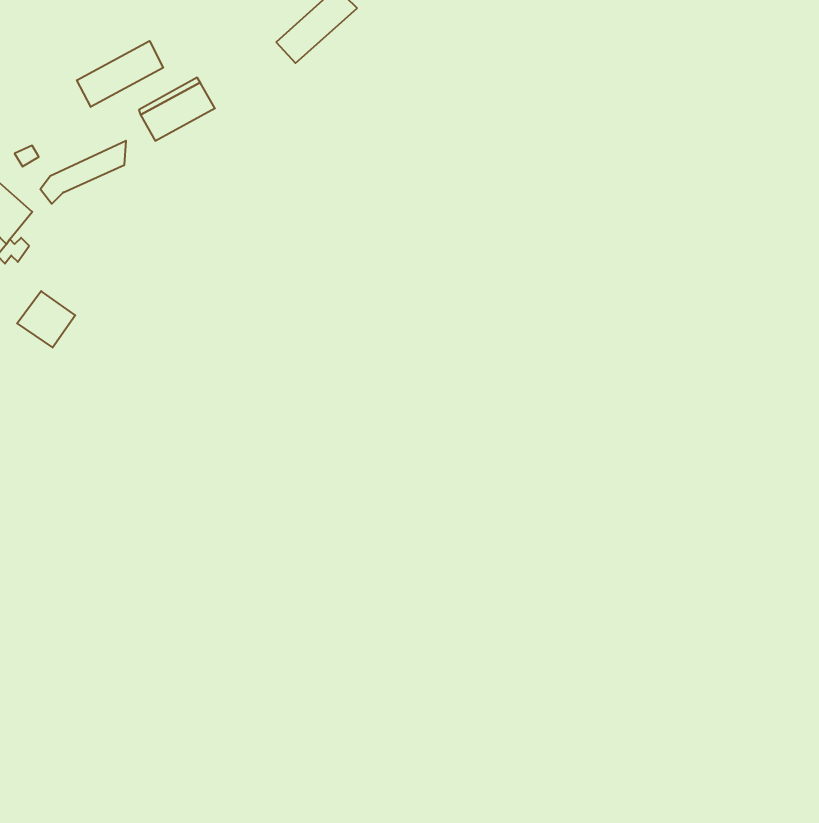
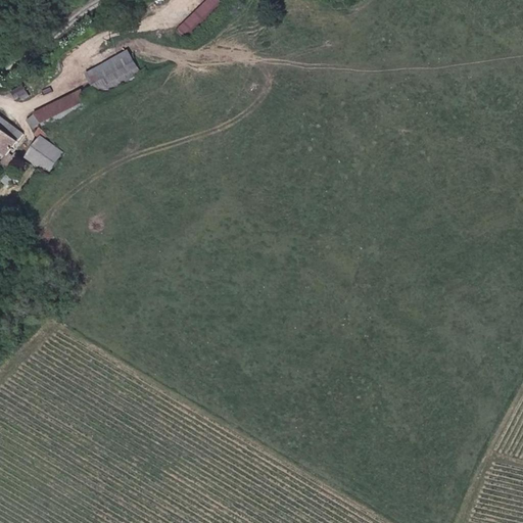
building: [77,41,163,107] -> none
building: [17,291,75,348] -> [23,135,60,171]

